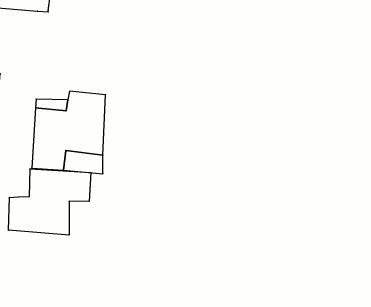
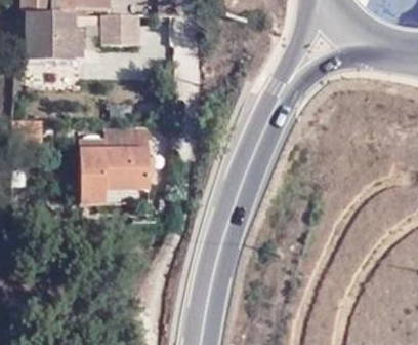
building: [8,169,91,235] -> none

